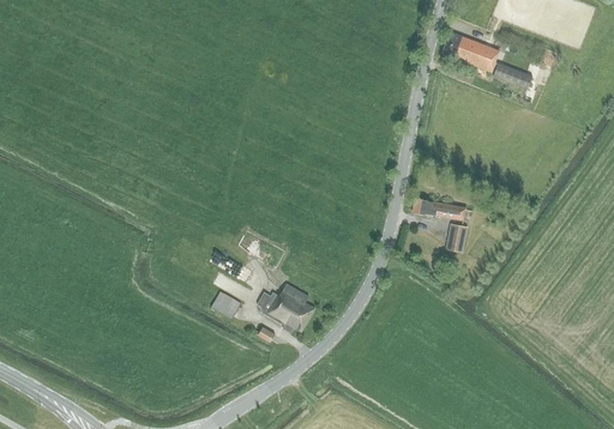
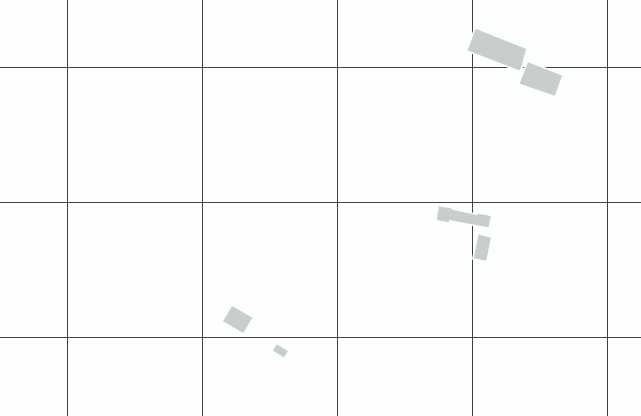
building: [257,283,314,331] -> none

